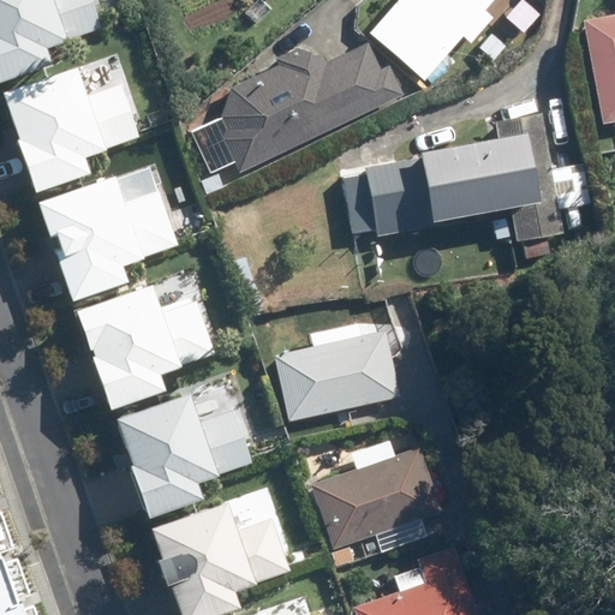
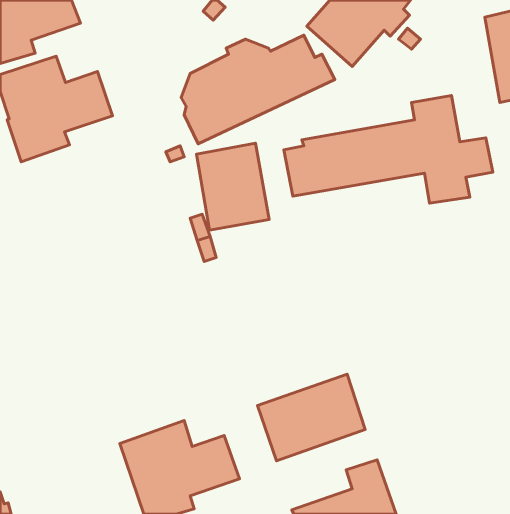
building: none -> [197,143,269,230]
building: [34,174,179,300] -> none
building: [72,285,216,410] -> none
building: [276,332,401,422] -> none
building: [113,393,252,520] -> none

